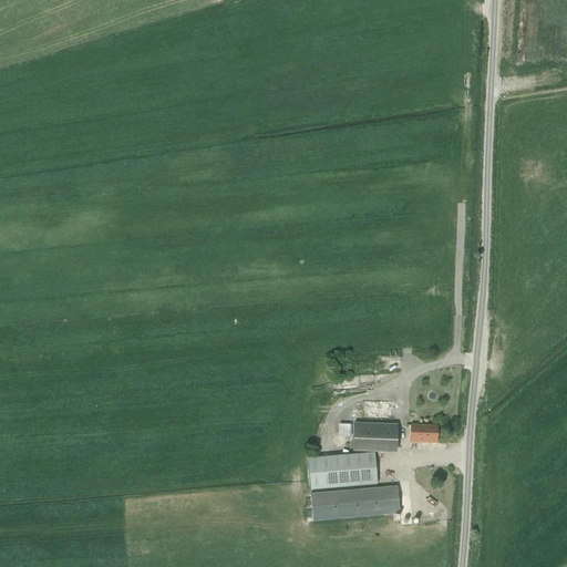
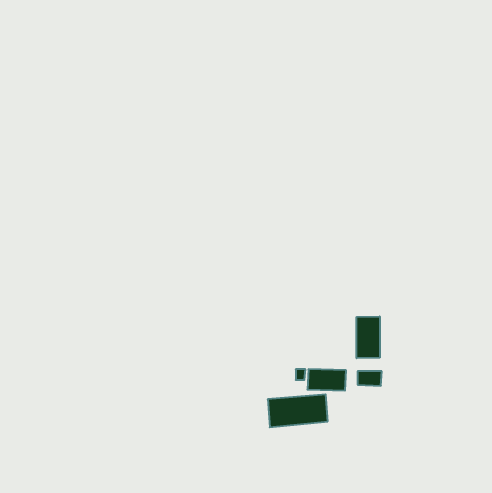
building: none -> [357,316,380,358]
building: [311,486,400,520] -> none

